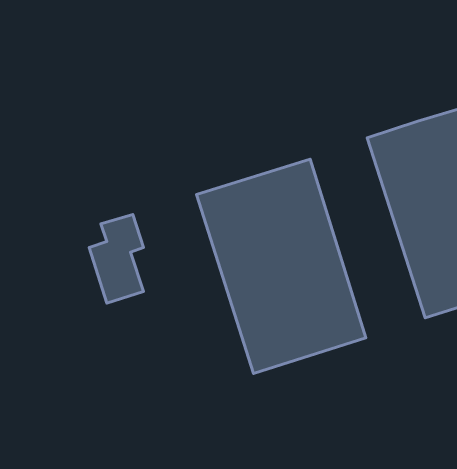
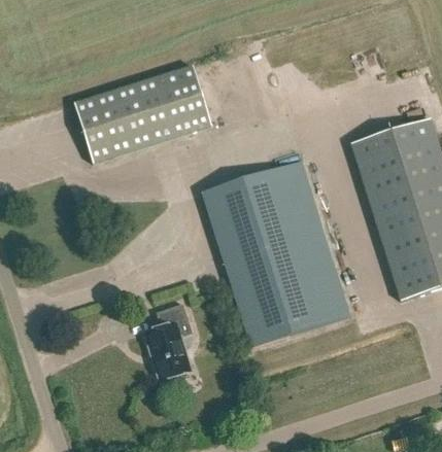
building: none -> [72,65,210,165]
building: [89,214,144,303] -> [146,304,194,381]

